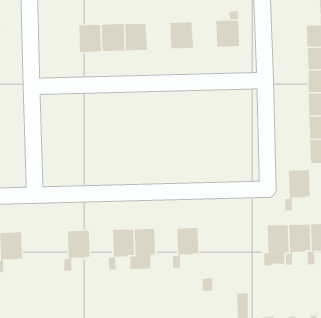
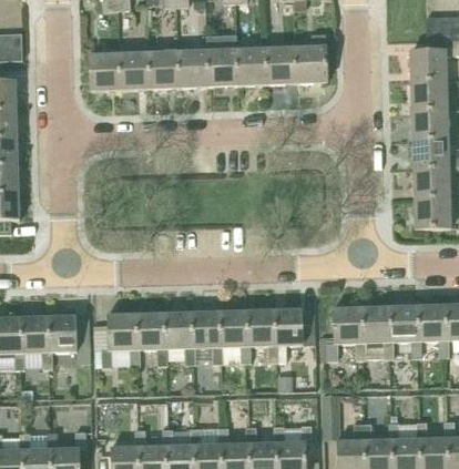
building: none -> [205,33,237,83]
building: none -> [265,45,296,81]
building: none -> [91,51,121,88]
building: [285,169,311,211] -> [328,306,361,359]
building: none -> [267,308,302,361]
building: none -> [213,310,246,363]
building: none -> [129,312,164,365]
building: none -> [42,314,90,368]

